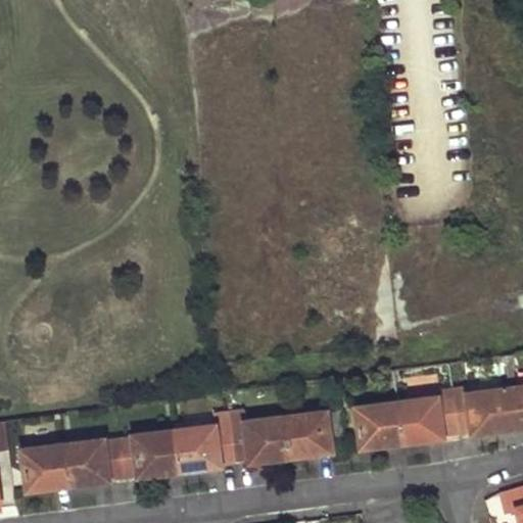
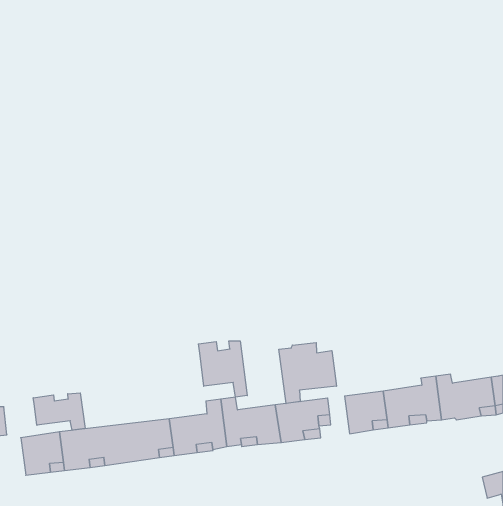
building: none -> [198,341,247,397]
building: none -> [279,343,336,404]
building: none -> [33,393,85,430]

